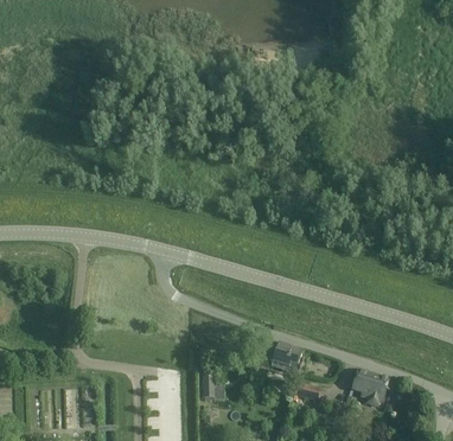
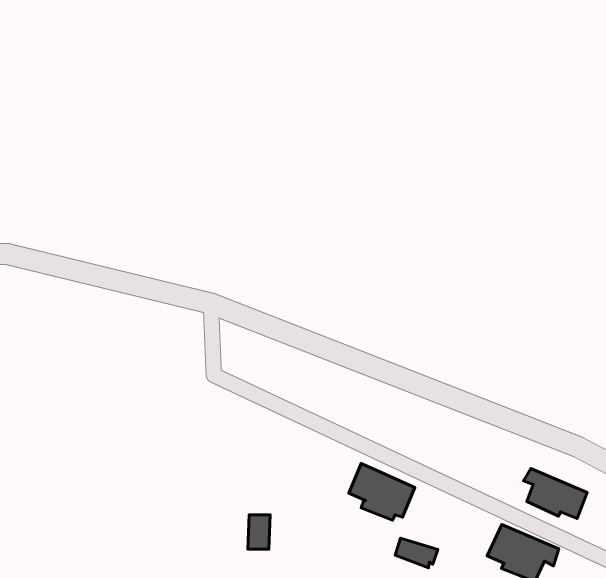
building: none -> [524,468,587,519]

